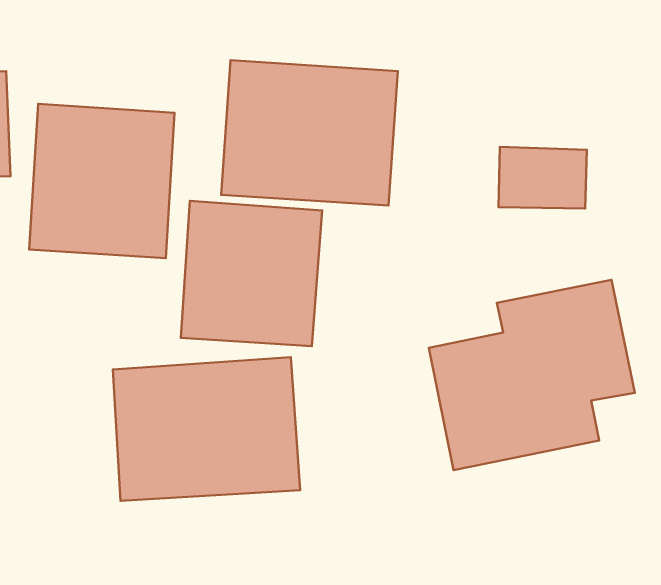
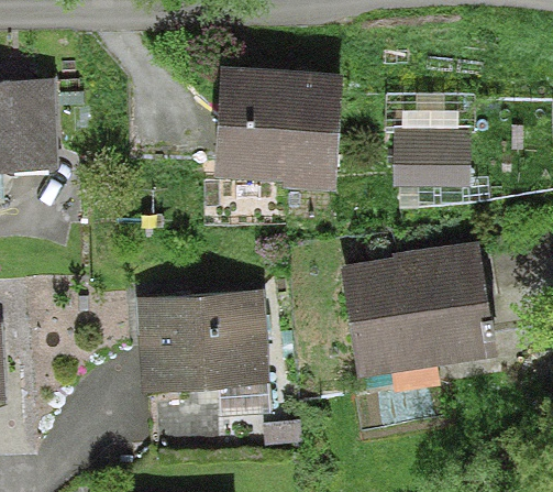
building: [29,104,175,258] -> none
building: [181,201,322,346] -> none

